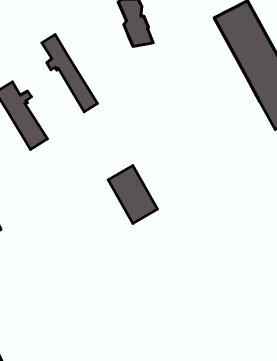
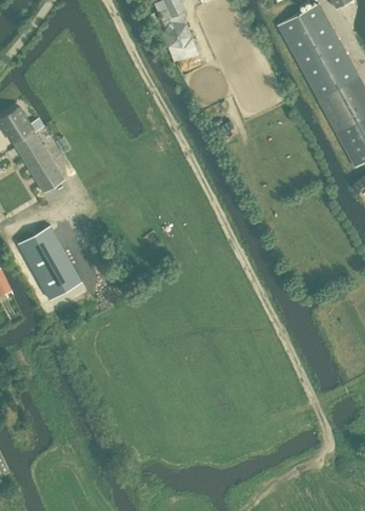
building: [42,35,98,112] -> none
building: [108,165,158,224] -> [18,226,81,300]

